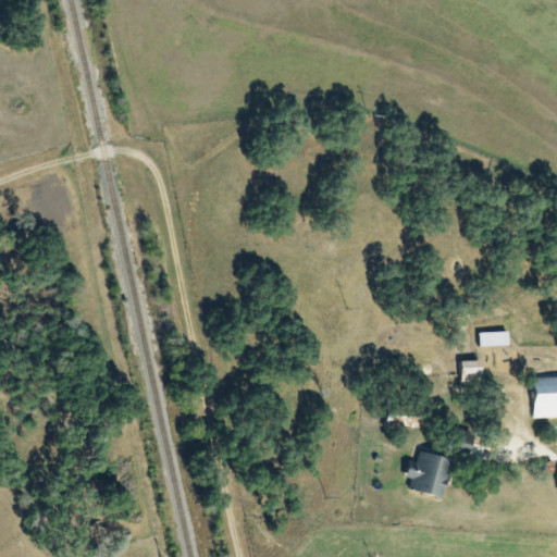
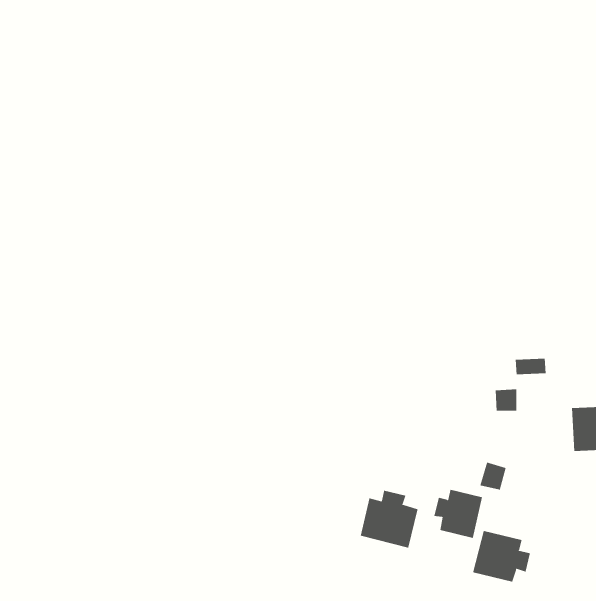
building: none -> [360,490,418,548]
building: none -> [473,530,531,583]

